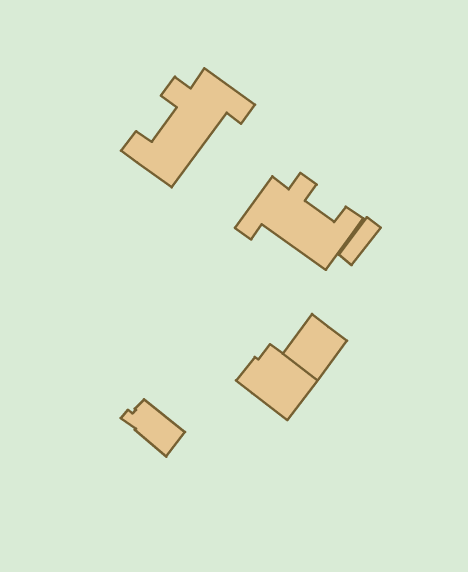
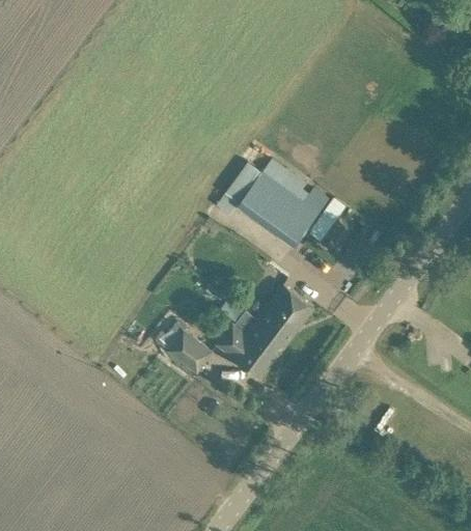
building: [121,68,255,187] -> none
building: [121,399,185,457] -> [155,322,212,372]

